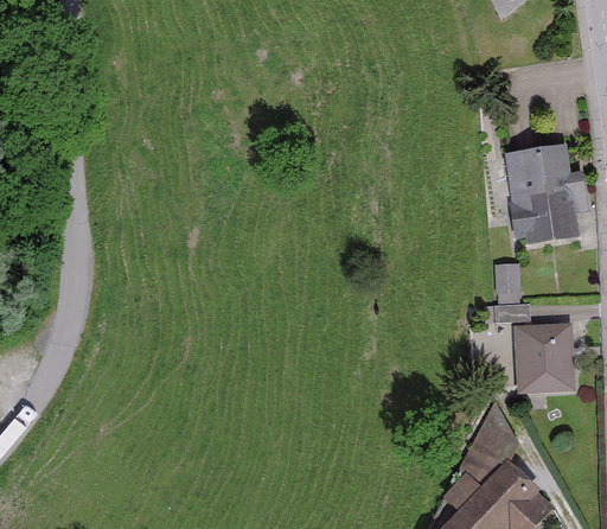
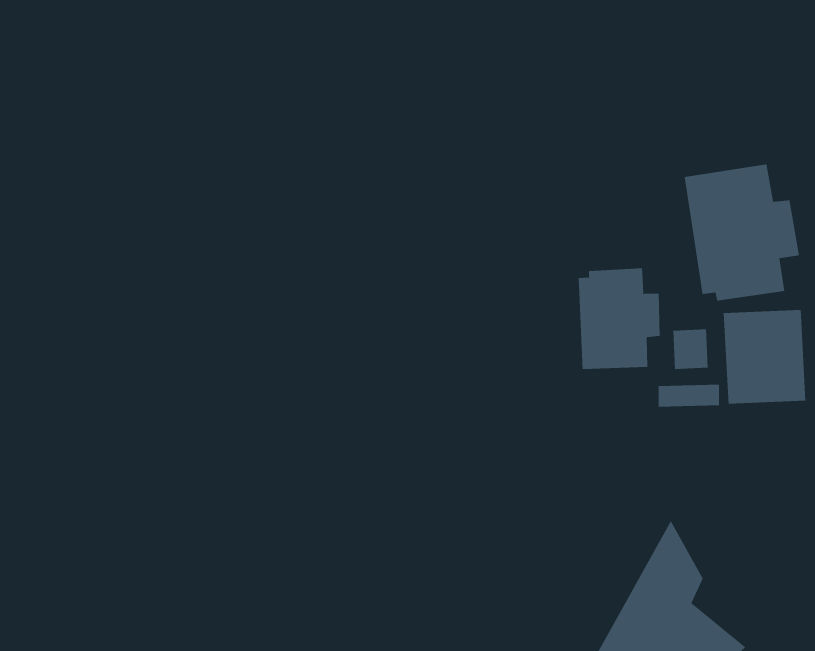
building: none -> [578,268,660,370]
building: [515,324,575,393] -> [723,309,806,404]

